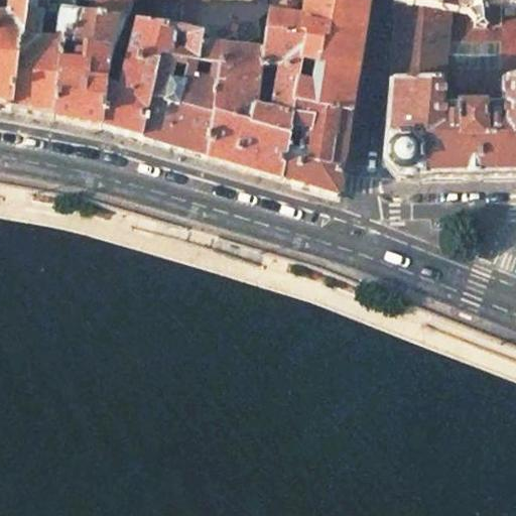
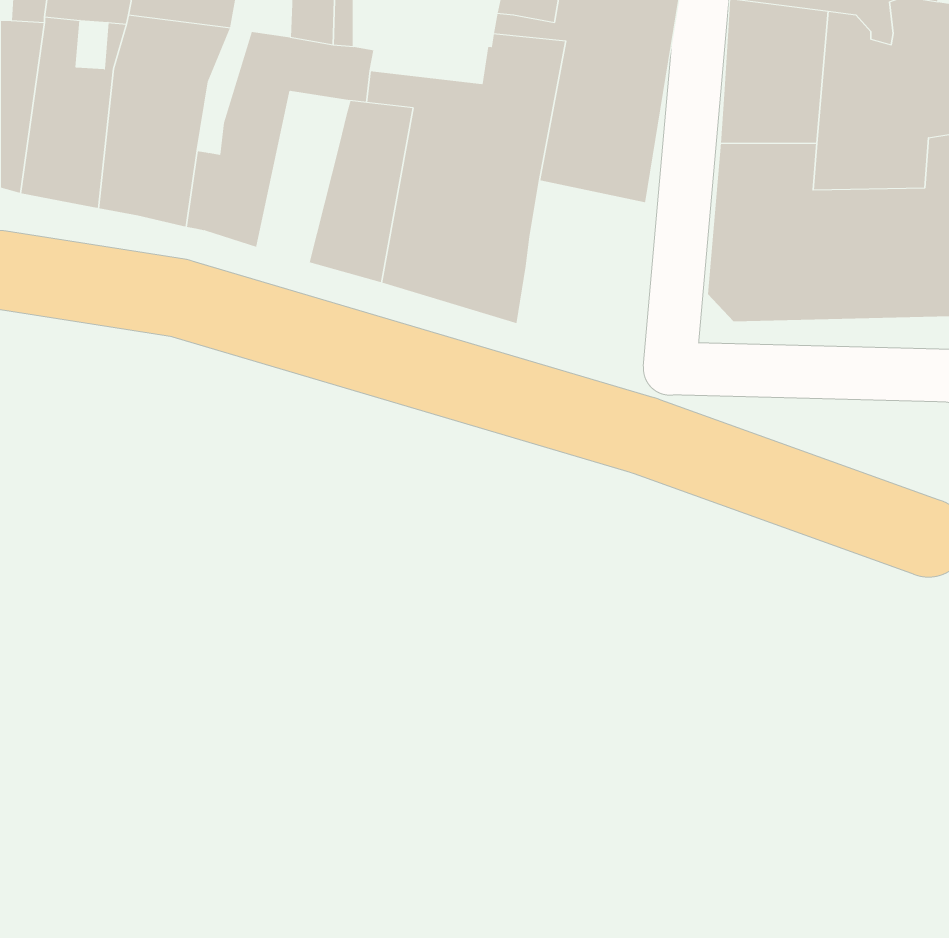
building: [140,49,190,142] -> none
building: [281,98,351,191] -> none

